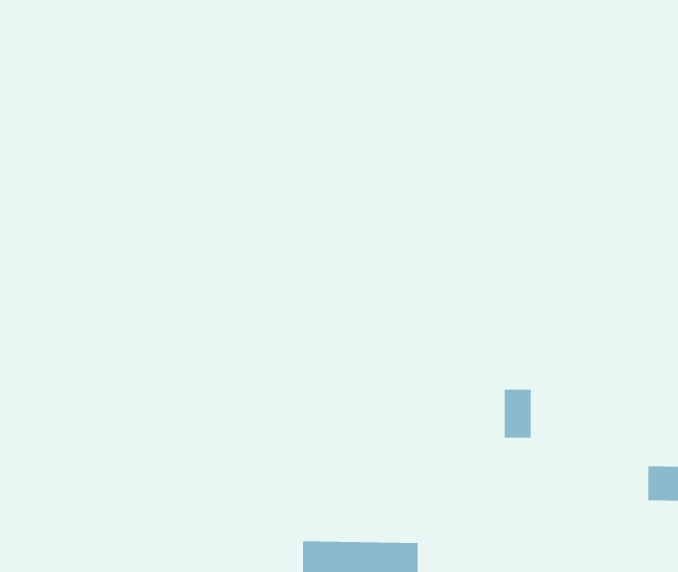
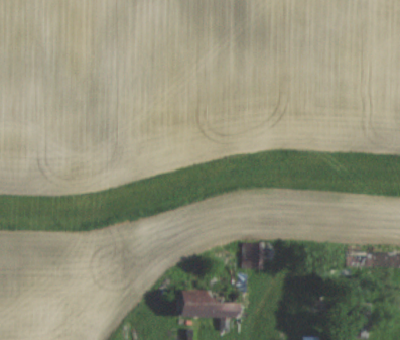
building: [504,389,532,438] -> [245,242,259,267]

